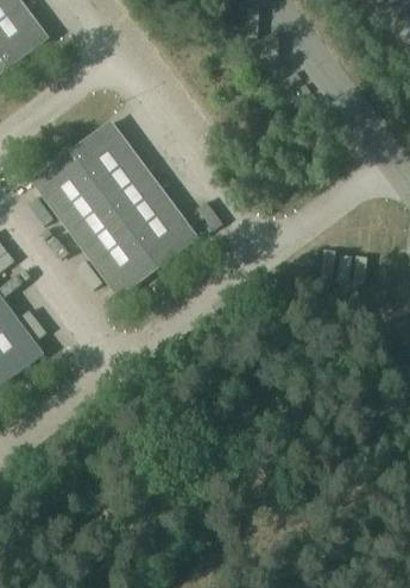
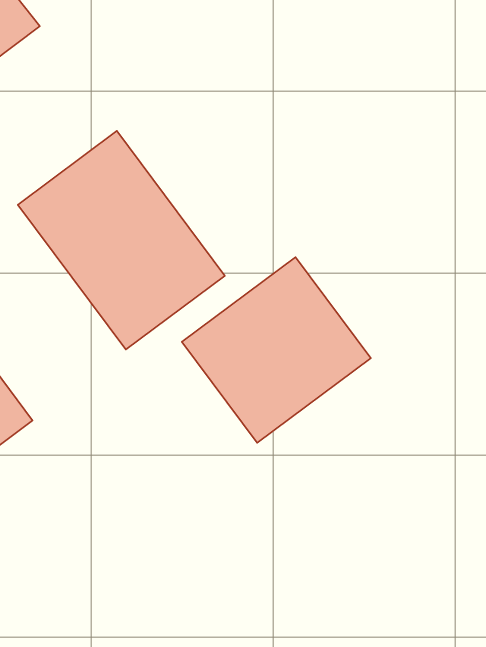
building: none -> [182,257,371,443]

